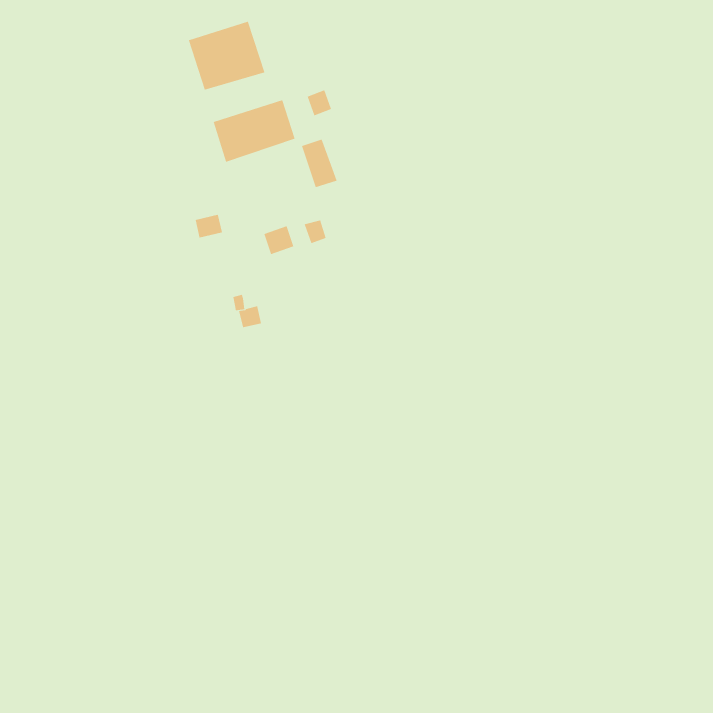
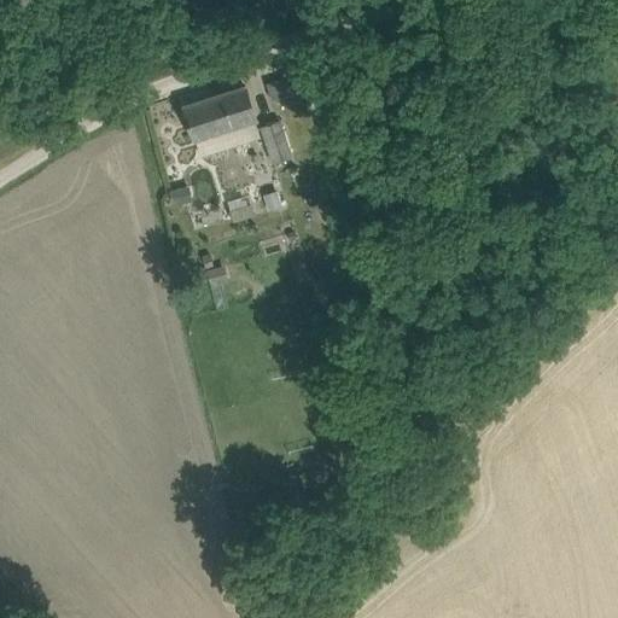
building: [188,21,265,90] -> none

